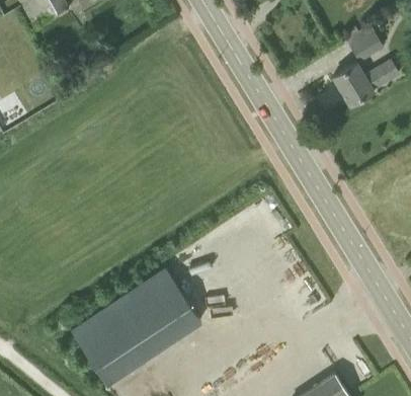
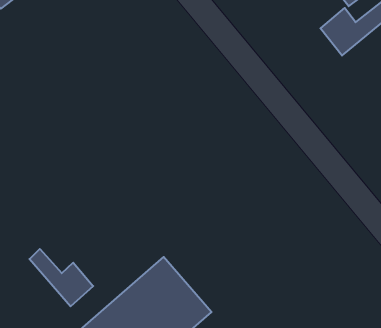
building: none -> [29,249,93,306]

